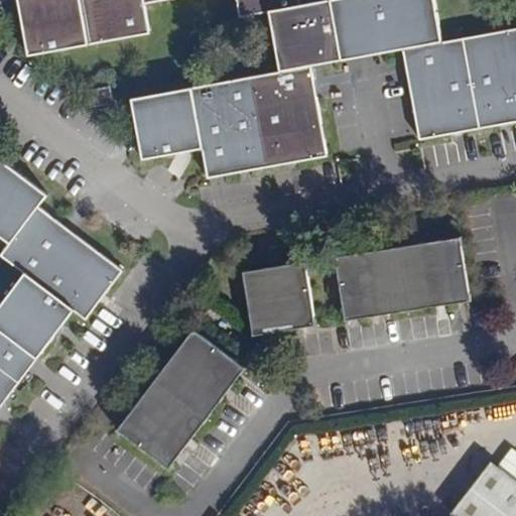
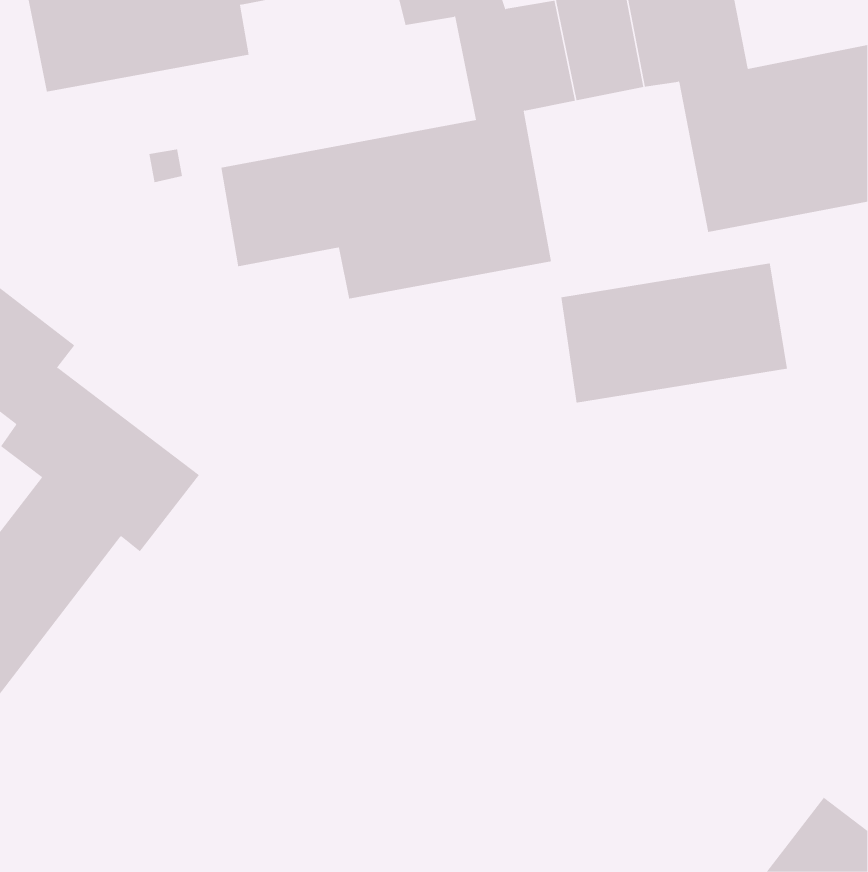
building: [336,235,470,317] -> [560,263,788,403]
building: [243,259,314,333] -> none
building: [115,331,241,468] -> none

